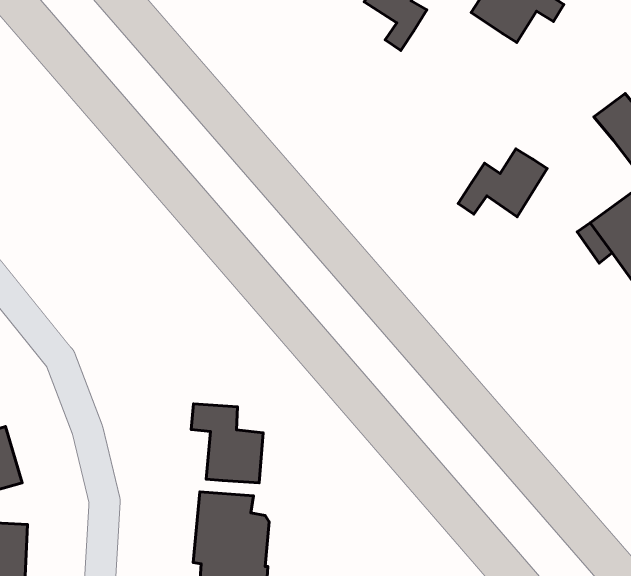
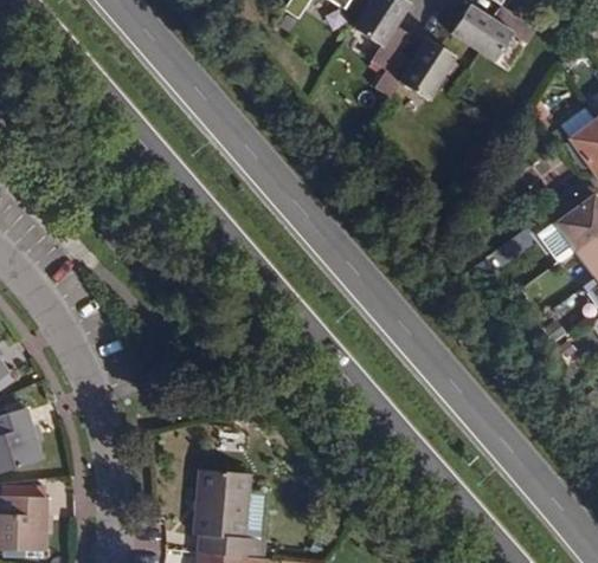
building: [458,149,547,217] -> [373,39,454,101]
building: [191,404,263,483] -> none

